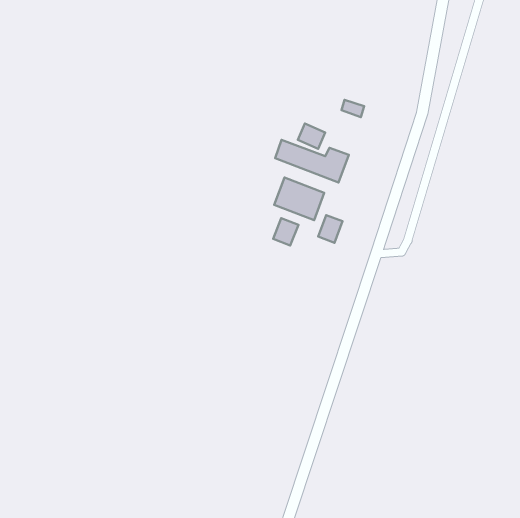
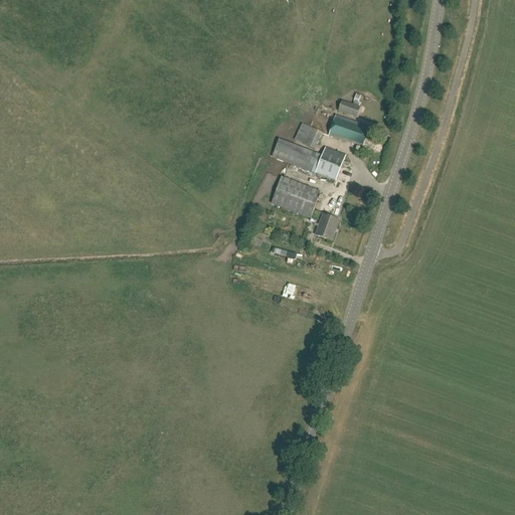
building: none -> [328,114,368,146]
building: [273,218,298,246] -> none

